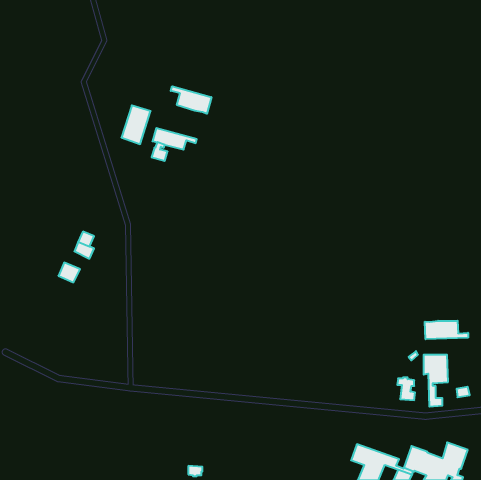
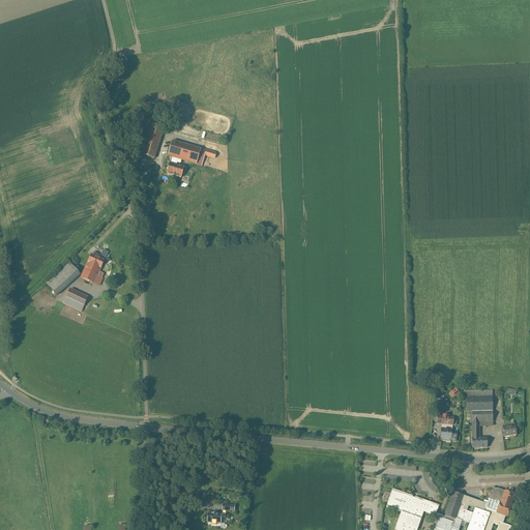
building: [171,86,211,114] -> none
building: none -> [47,263,80,295]
building: [425,321,468,339] -> none

